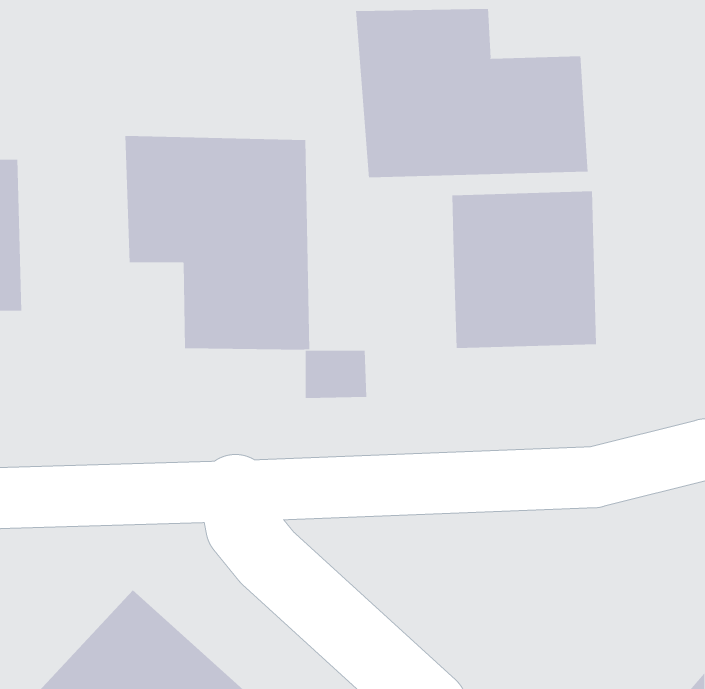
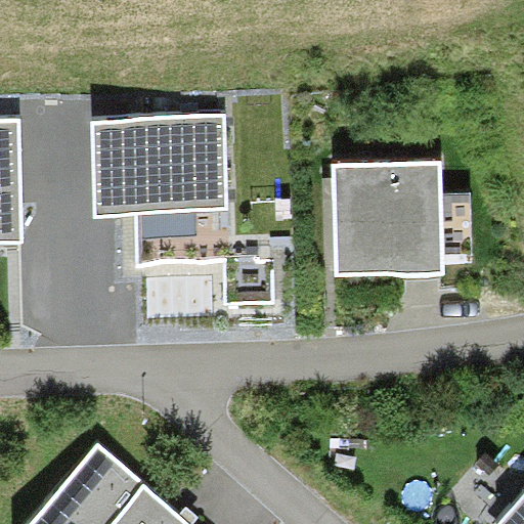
building: [355,8,588,178] -> none

